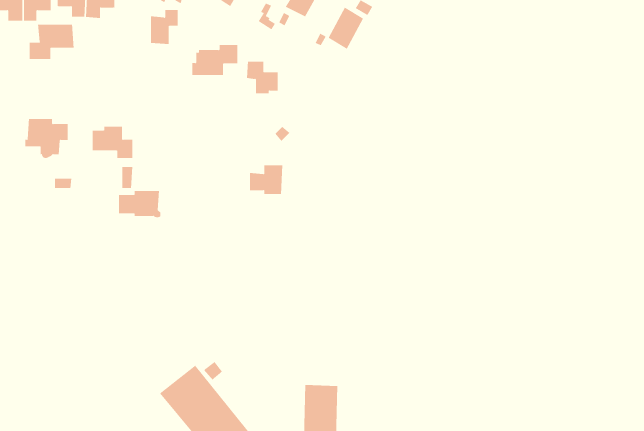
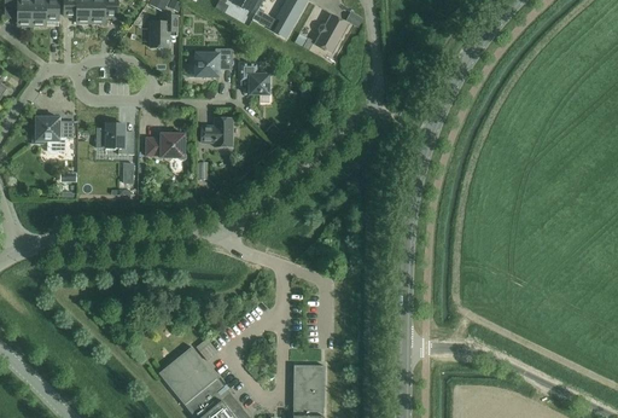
building: [29,24,74,60] -> none
building: [249,165,283,195] -> [200,117,232,145]
building: [118,191,161,218] -> [146,133,186,158]

